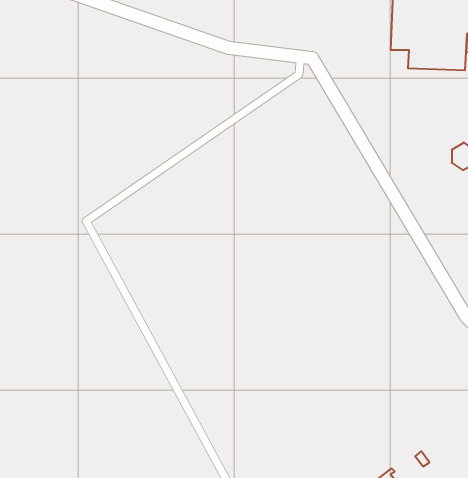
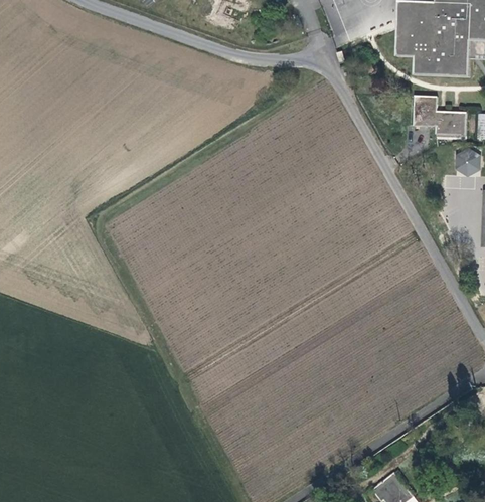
building: none -> [413,95,467,135]

